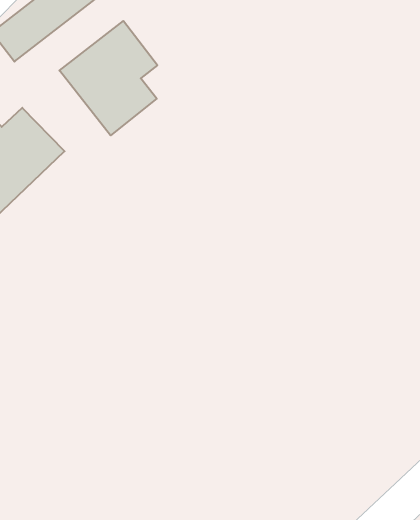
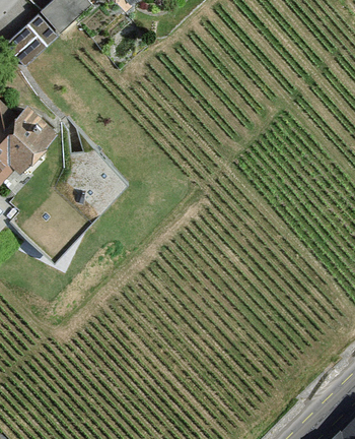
building: [59,21,157,135] -> none

